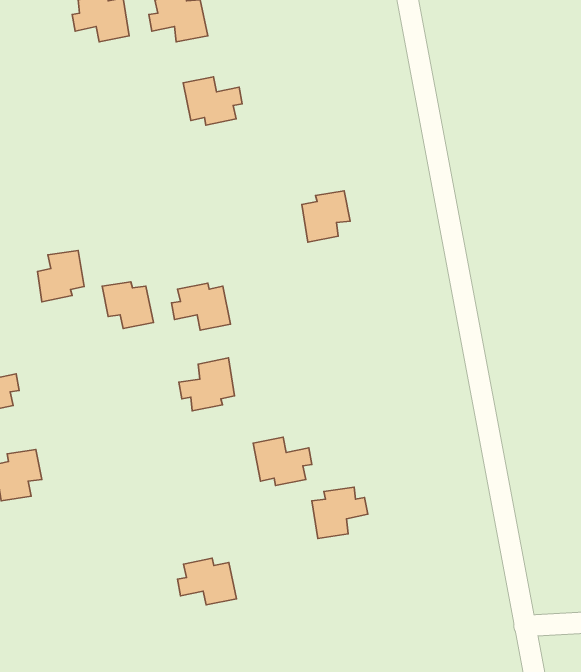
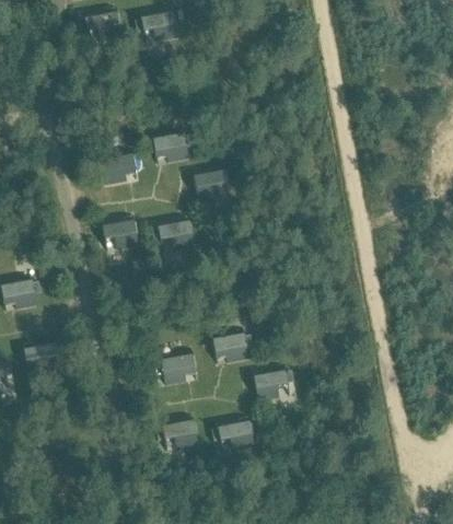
building: [183,77,242,125] -> [151,128,194,163]
building: [302,191,350,242] -> [194,164,229,201]
building: [37,250,84,302] -> [102,148,136,185]
building: [179,358,235,411] -> [155,347,196,385]
building: none -> [212,417,255,451]

